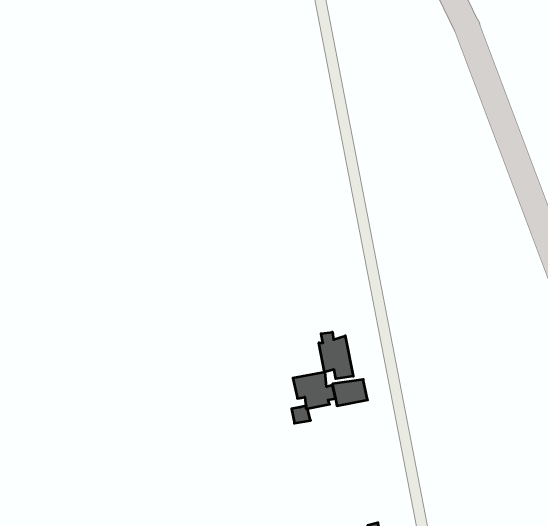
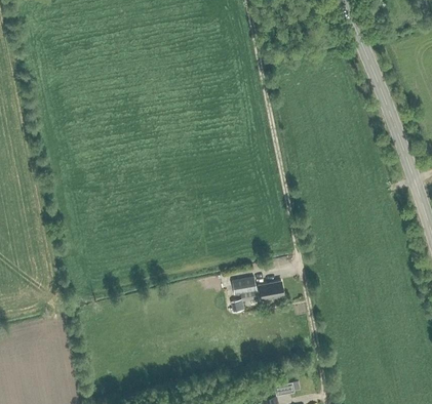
building: [319,332,353,379] -> none

